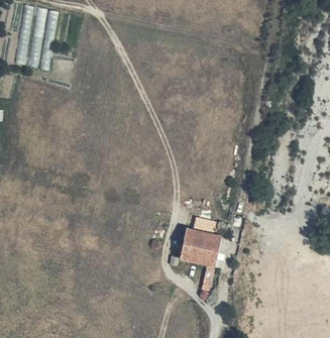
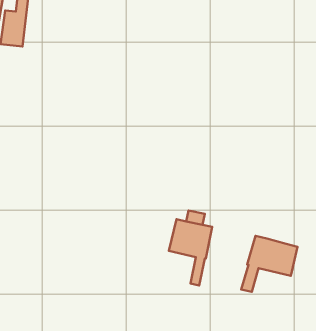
building: none -> [241,236,298,292]

